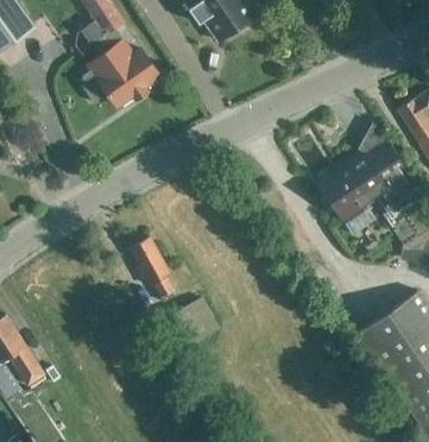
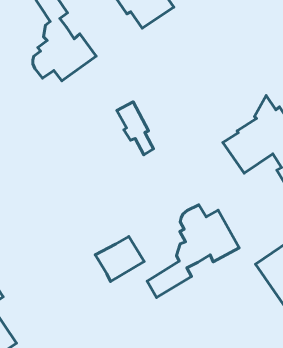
building: [131,236,176,302] -> [117,102,153,155]
building: none -> [147,205,239,298]

